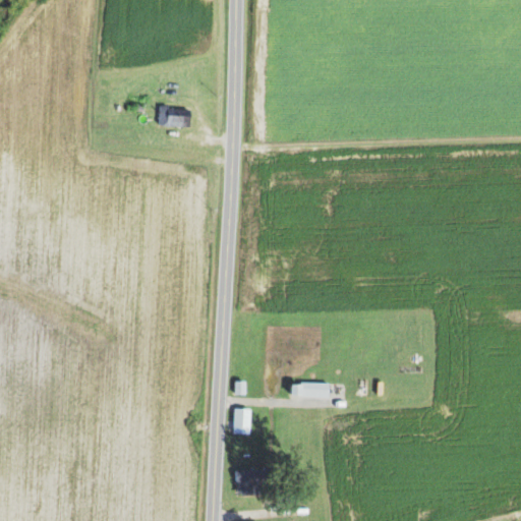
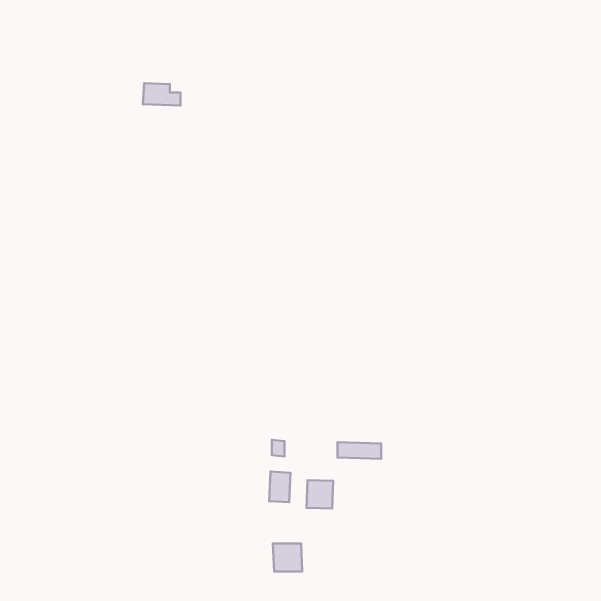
building: [158,107,190,126] -> [143,83,181,105]
building: none -> [306,480,333,509]

